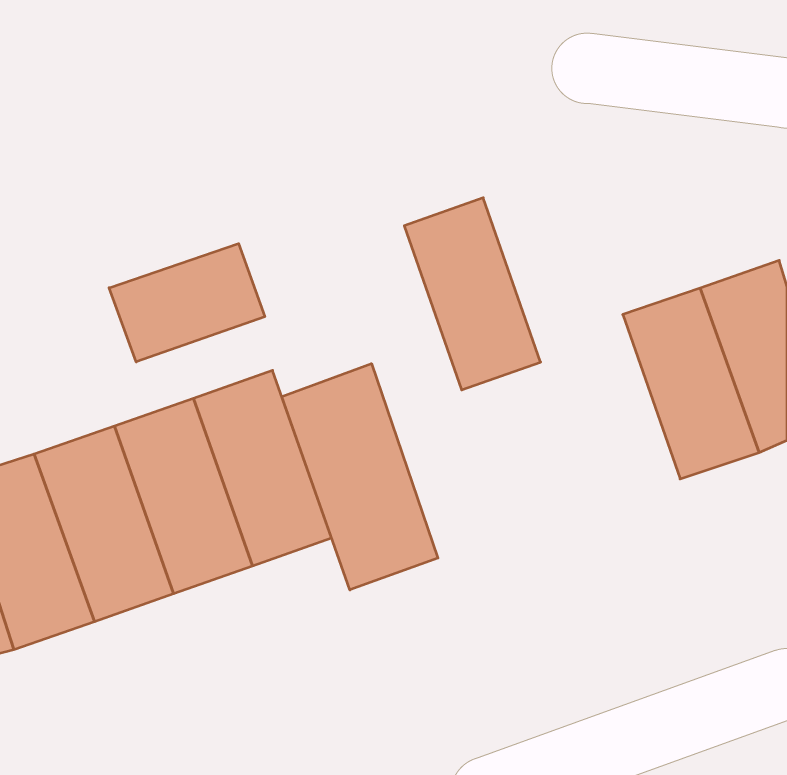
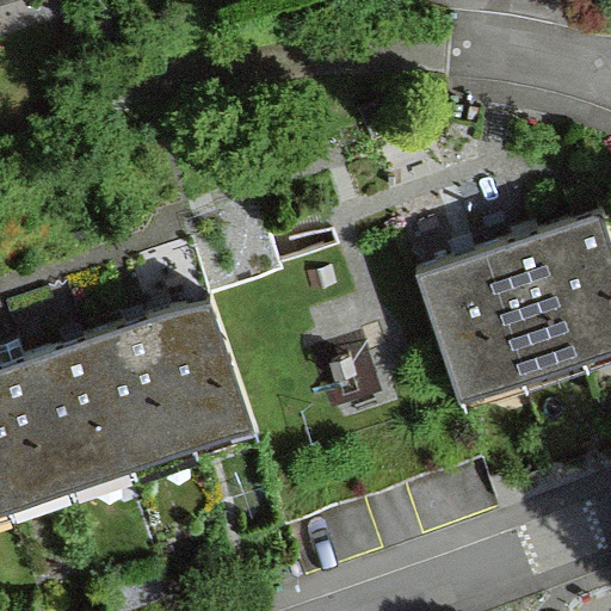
building: [404,198,541,390] -> [419,255,524,403]
building: [109,244,265,362] -> none
building: [282,364,438,590] -> none

